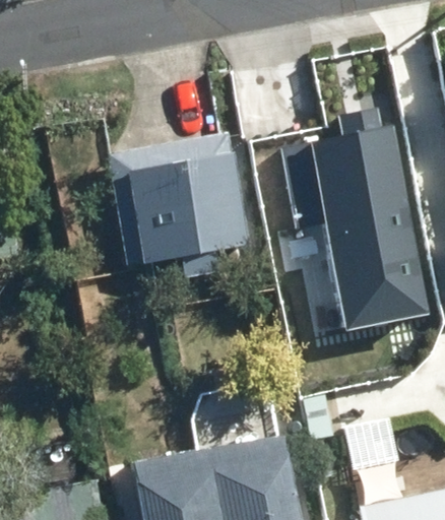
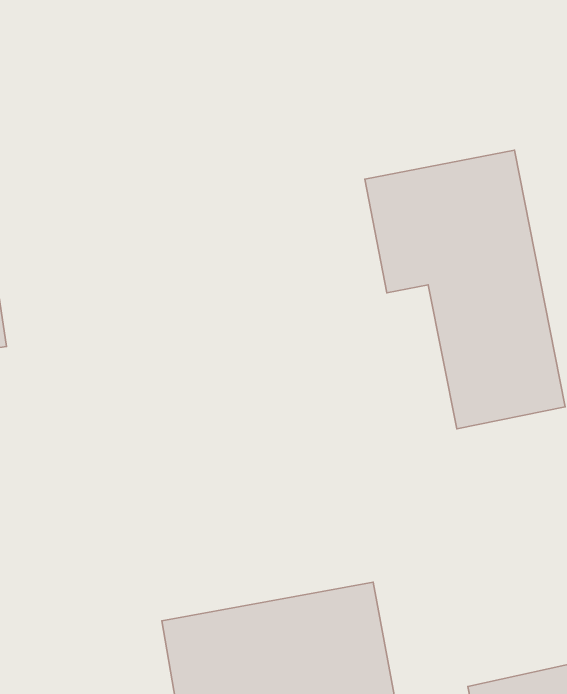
building: [101,133,253,267] -> none

